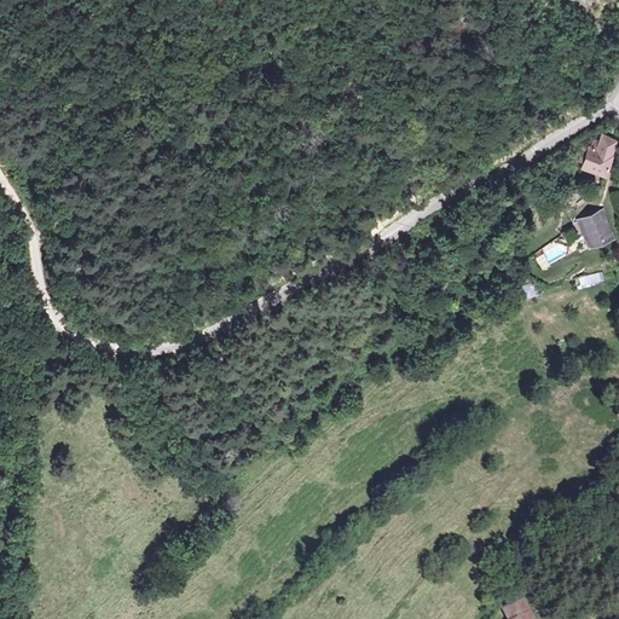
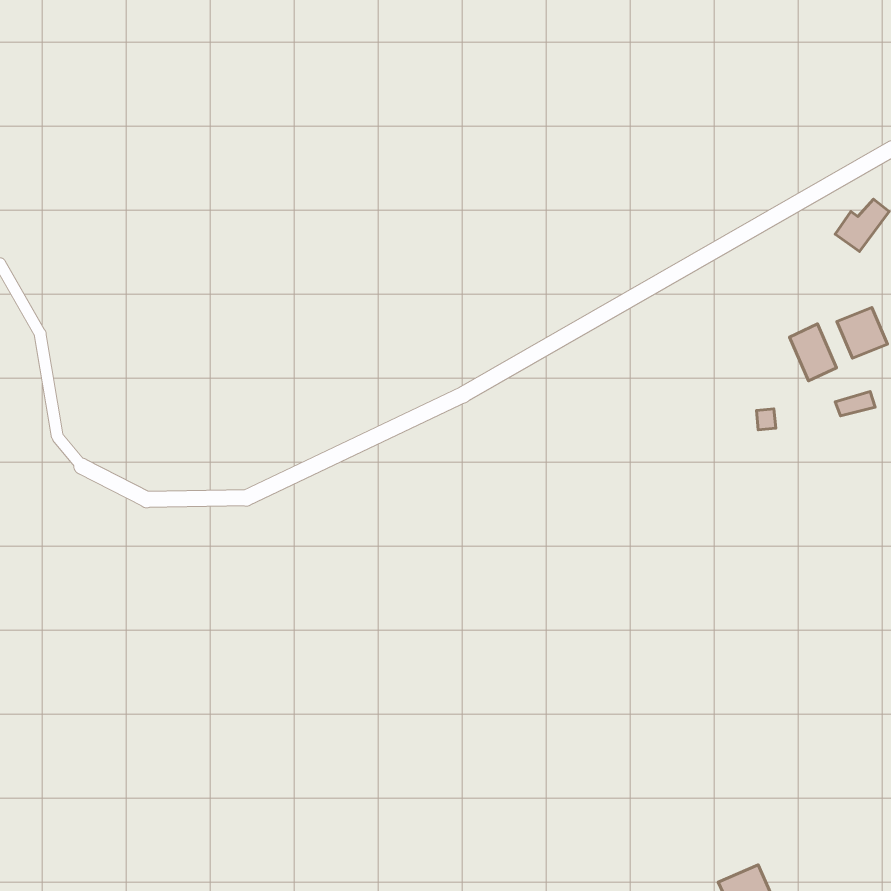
building: none -> [790,324,836,381]

